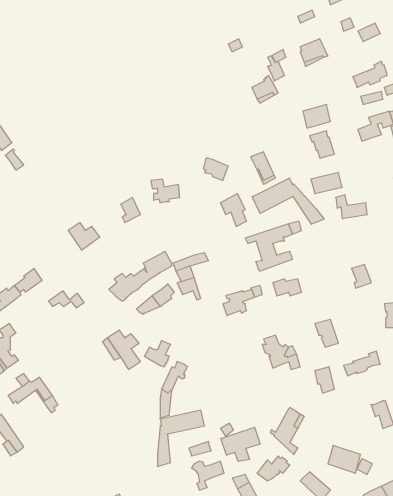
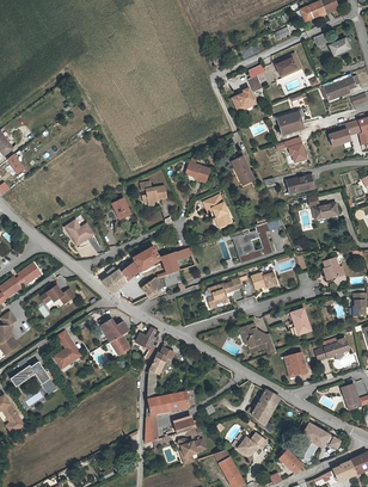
building: [252,178,324,224] -> none
building: none -> [53,331,82,369]
building: [221,427,260,461] -> none

